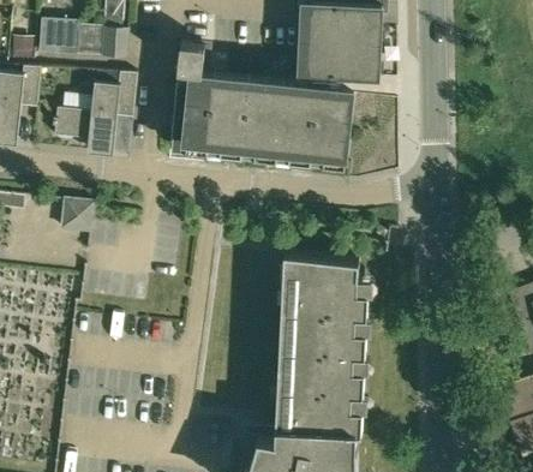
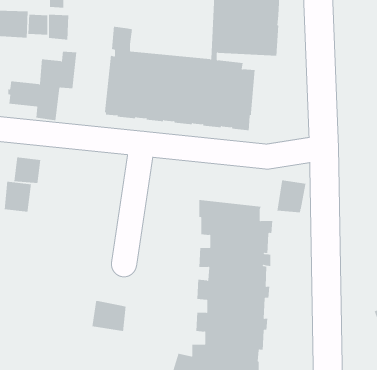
building: none -> [277,180,306,213]
building: none -> [4,181,31,213]
building: none -> [92,300,126,332]

